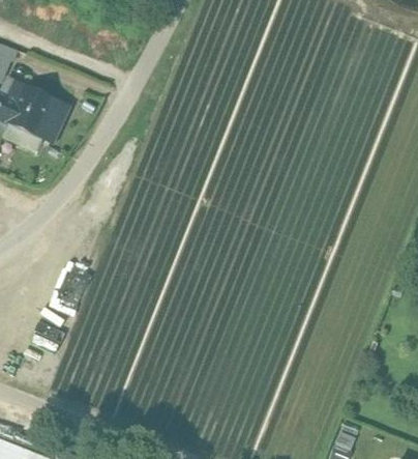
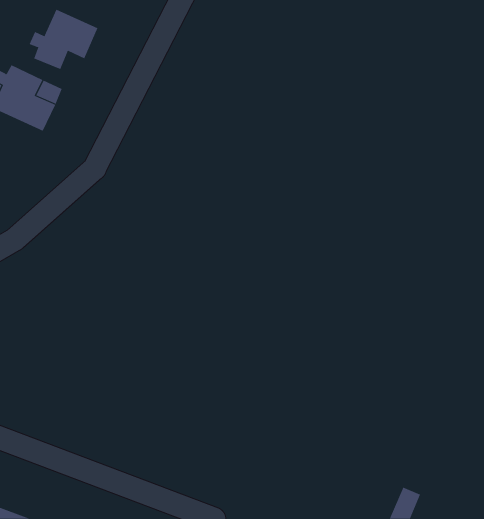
building: none -> [29,9,98,70]

